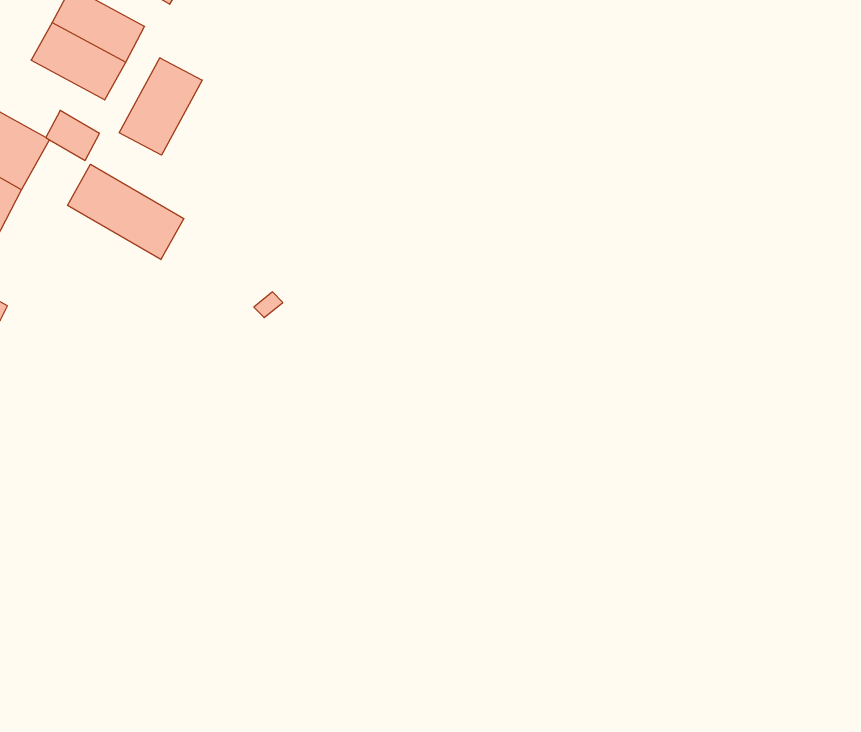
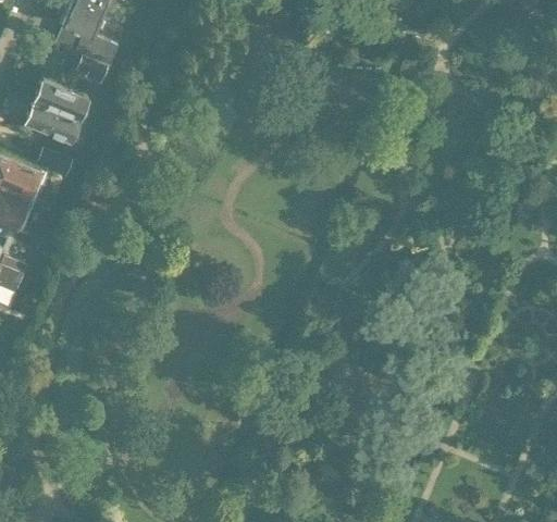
building: [119,58,202,155] -> none
building: [68,164,184,260] -> none

